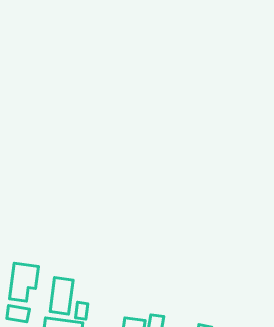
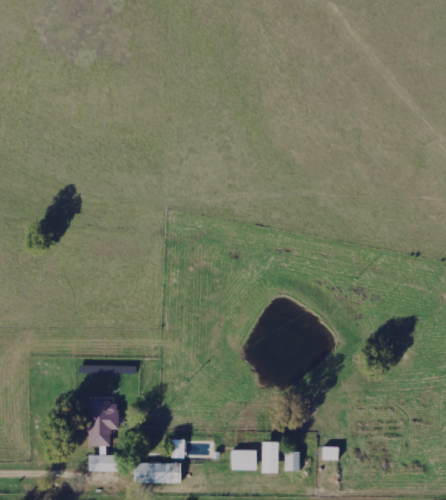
building: [50,278,73,314] -> none

